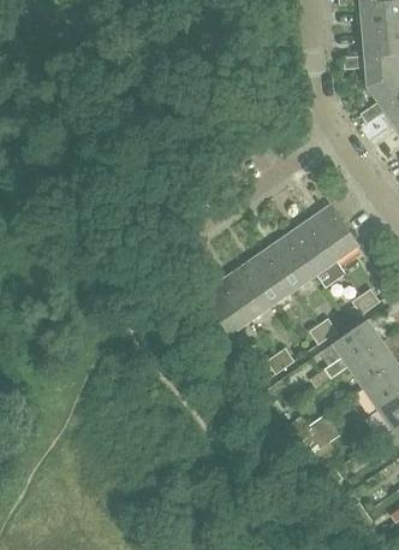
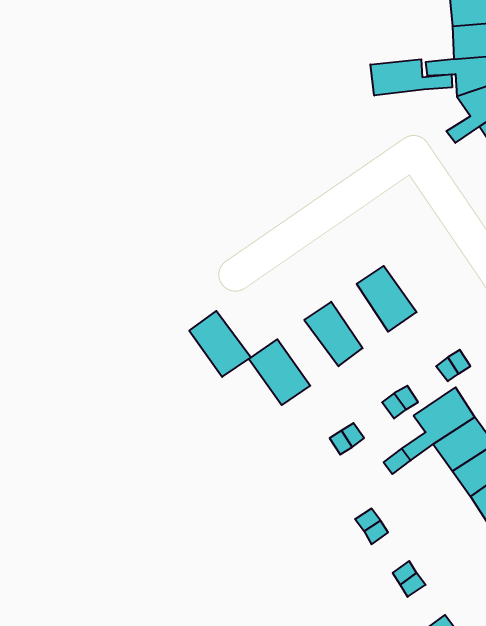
building: none -> [370,59,452,96]
building: [310,206,359,259] -> none
building: [268,236,314,288] -> none
building: [225,265,274,318] -> [189,311,251,377]

